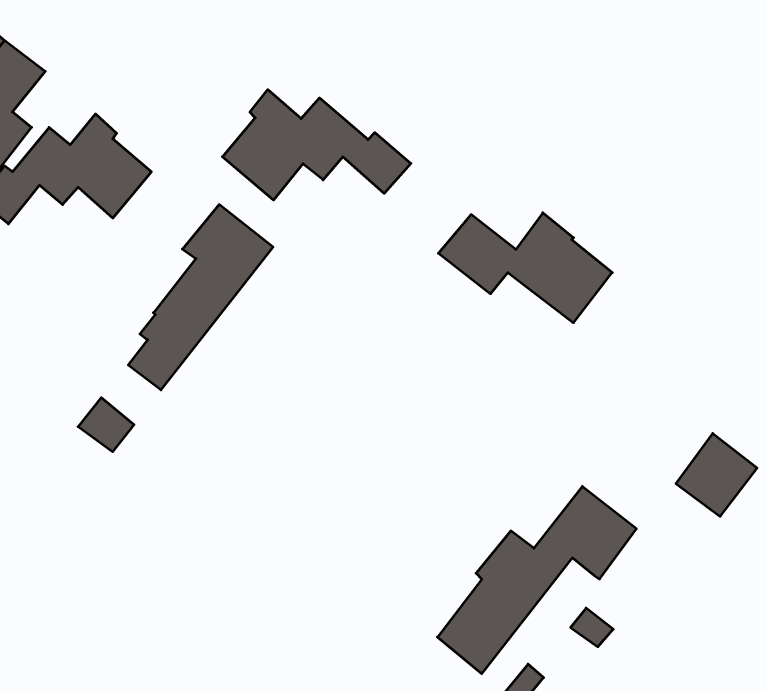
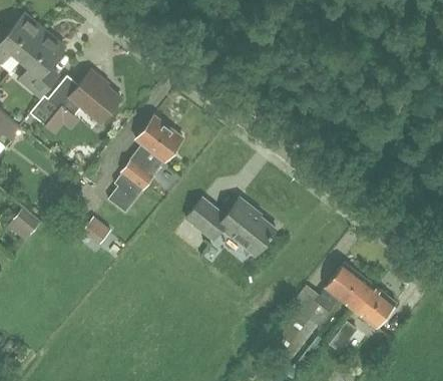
building: [222,90,411,200] -> none
building: [438,213,612,323] -> [185,199,276,256]
building: [676,433,757,516] -> [353,285,395,328]

